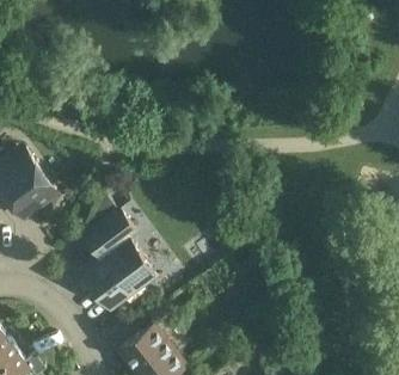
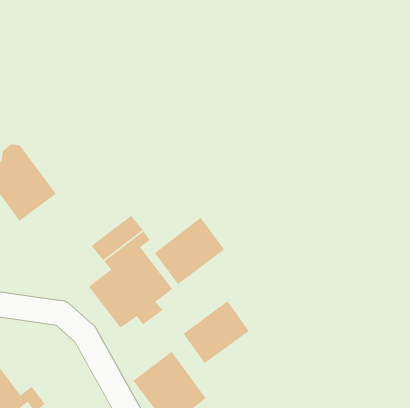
building: none -> [154,217,225,285]
building: none -> [183,300,250,364]

